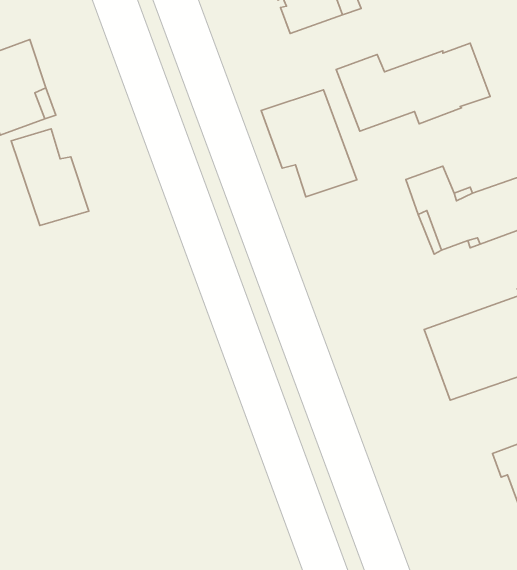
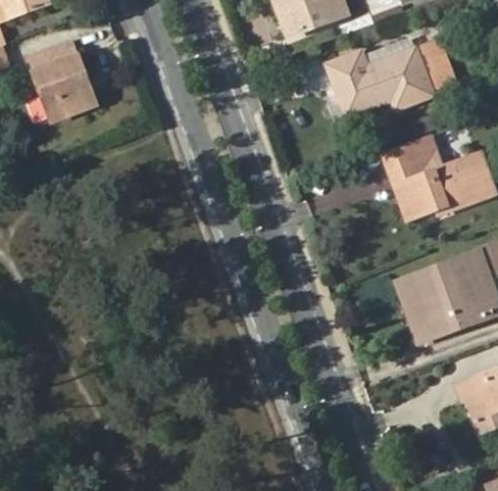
building: [261,90,357,197] -> none
building: [11,129,89,226] -> none

